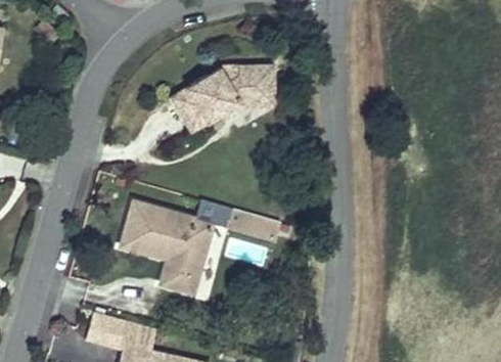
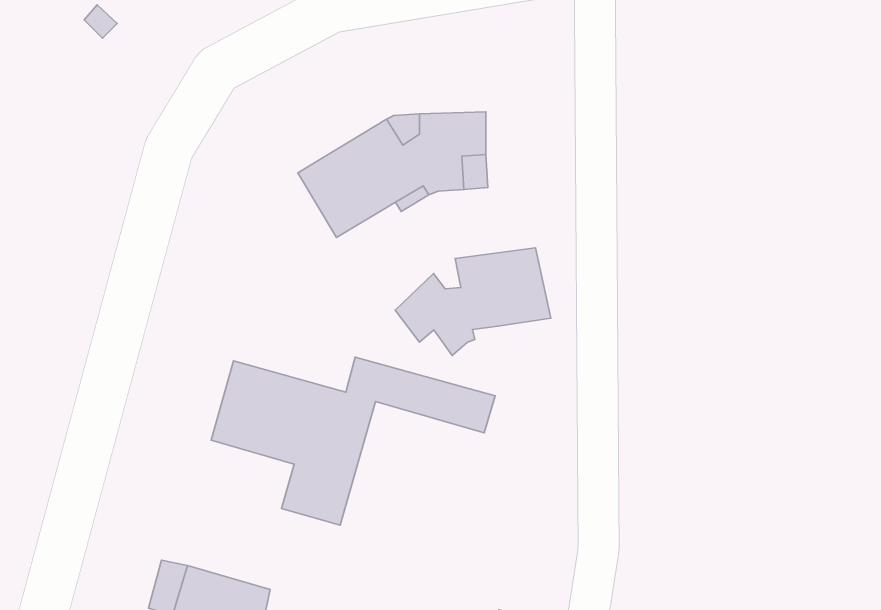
building: none -> [395,248,551,356]

